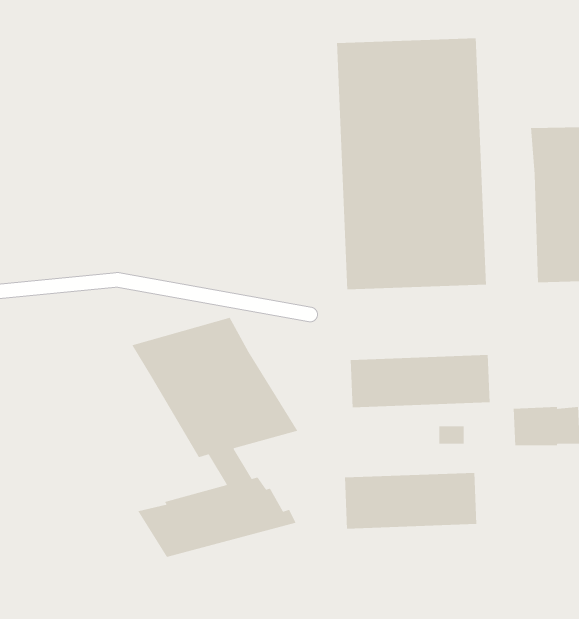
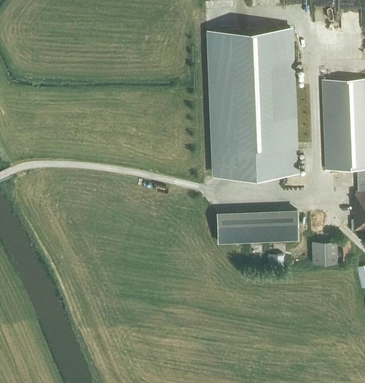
building: [131,317,298,558] -> none
building: [344,472,477,529] -> none

